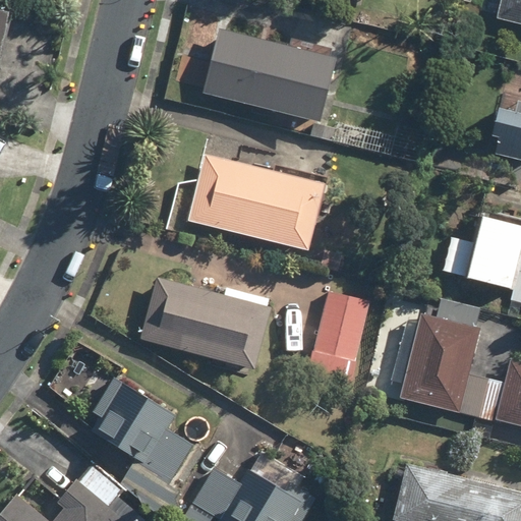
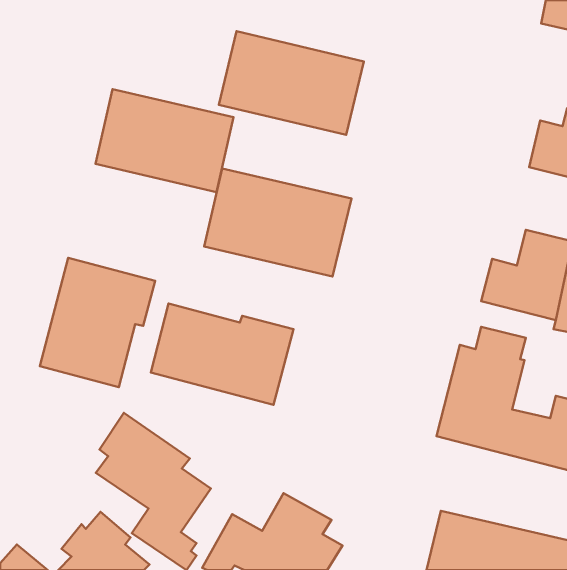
building: none -> [95,89,234,192]
building: none -> [40,258,155,387]
building: [309,280,375,385] -> none

